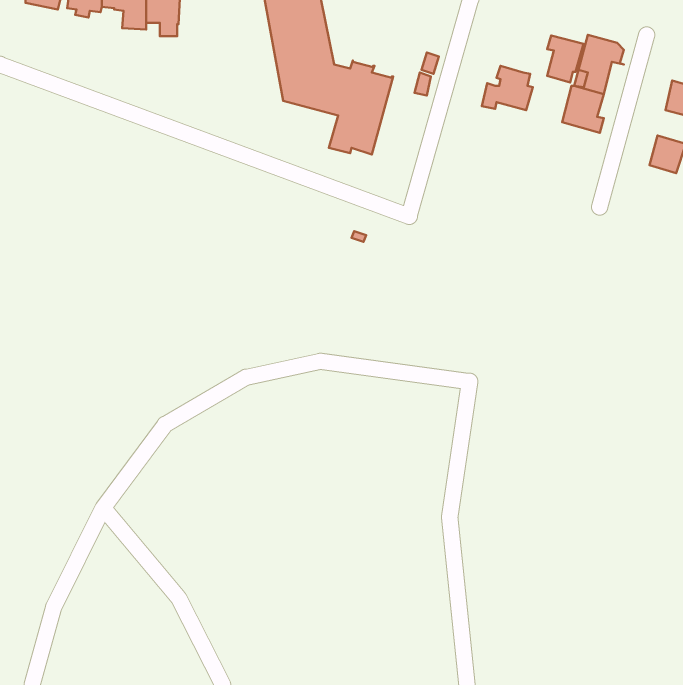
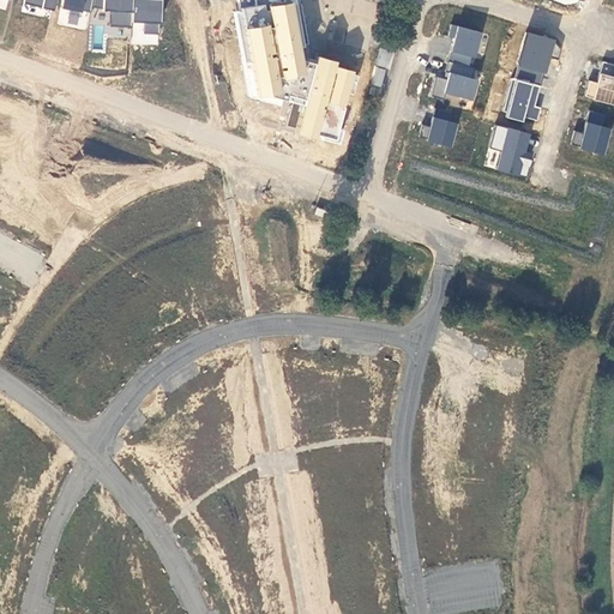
building: [547,36,583,83] -> [450,23,482,65]
building: none -> [431,118,462,146]
building: none -> [490,122,532,175]

